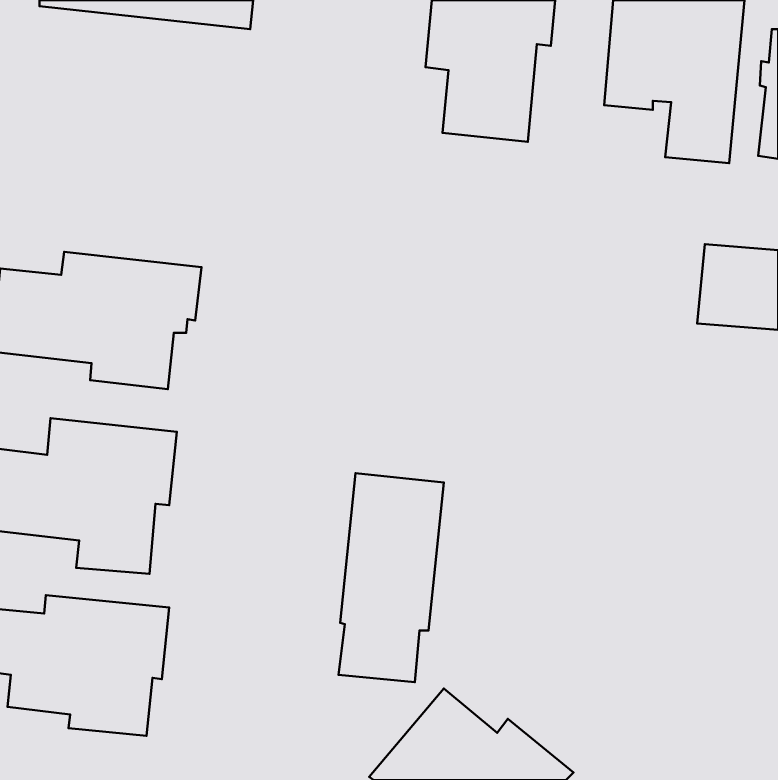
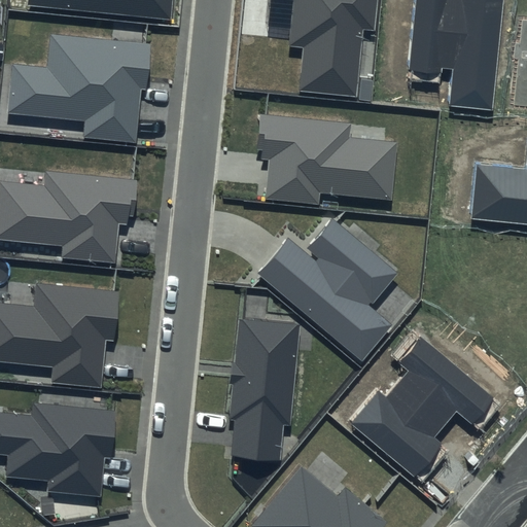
building: none -> [8,34,150,142]
building: none -> [256,114,396,204]
building: none -> [258,218,396,358]
building: none -> [350,336,494,475]

